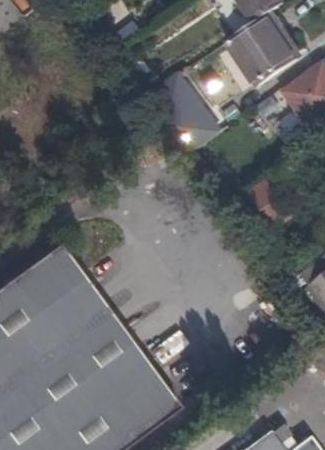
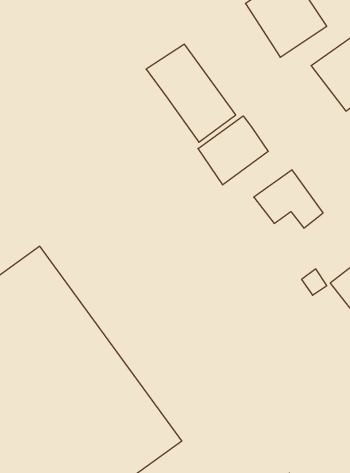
building: none -> [198,116,268,185]

